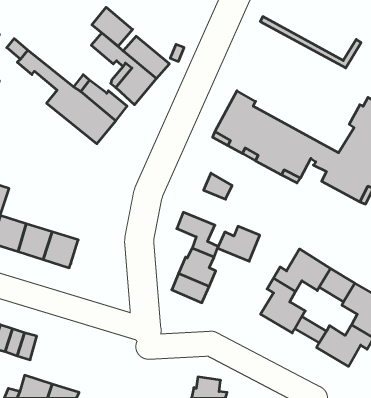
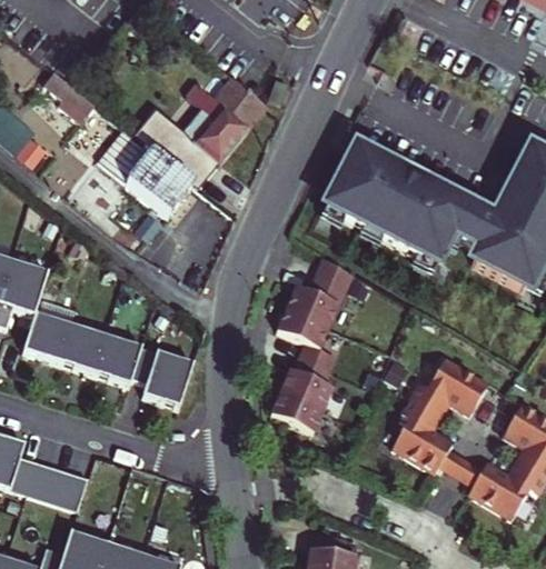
building: [92,7,133,46] -> none
building: [260,17,361,68] -> [381,157,519,227]
building: [218,226,260,261] -> [286,278,344,326]
building: none -> [132,346,193,406]

